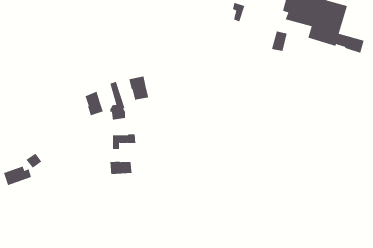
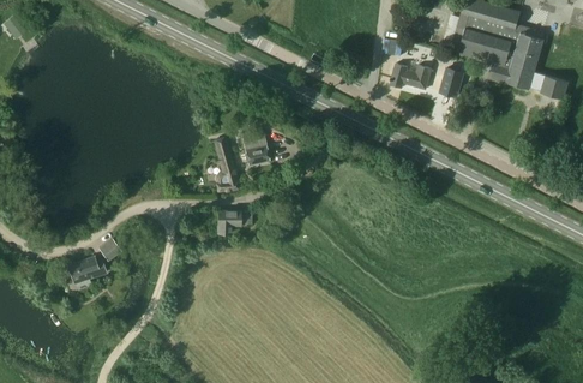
building: none -> [390,64,431,89]
building: [85,91,103,116] -> none
building: [110,161,132,175] -> none

